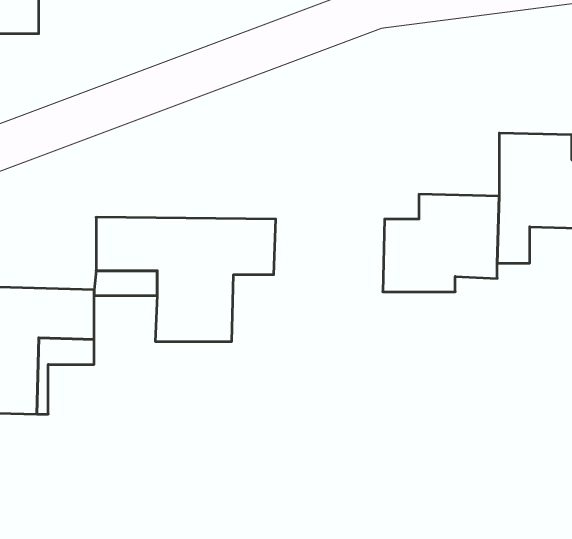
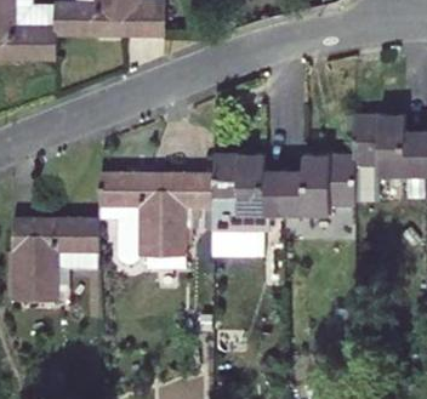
building: none -> [214,154,284,246]

